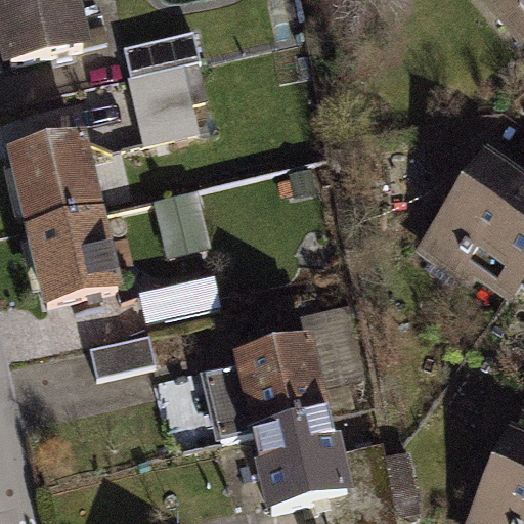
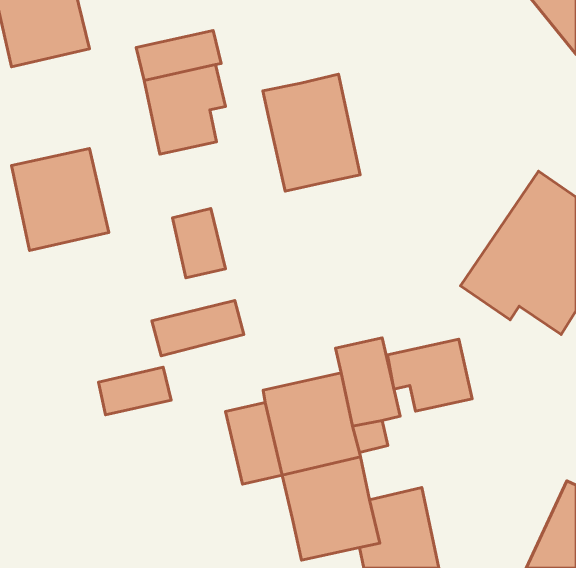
building: none -> [263,74,360,191]
building: [27,210,116,302] -> none
building: none -> [387,339,472,411]

